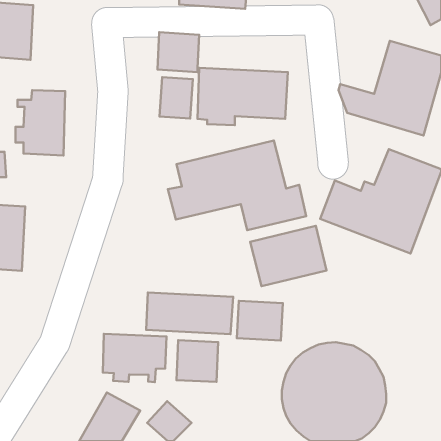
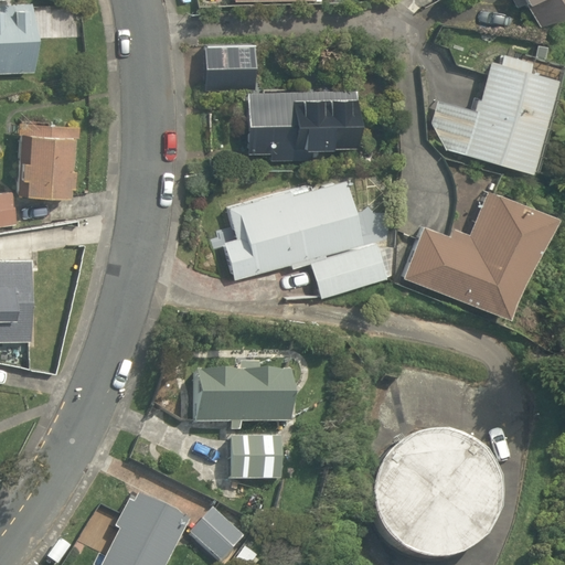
building: [160,77,193,119] -> none
building: [250,226,326,286] -> none
building: [237,301,283,340] -> none
building: [103,334,167,382] -> none

